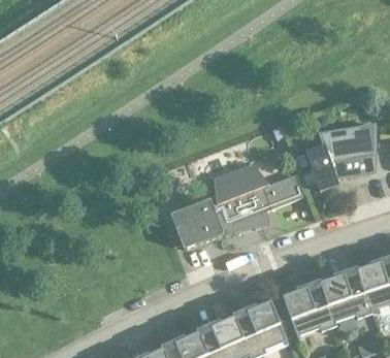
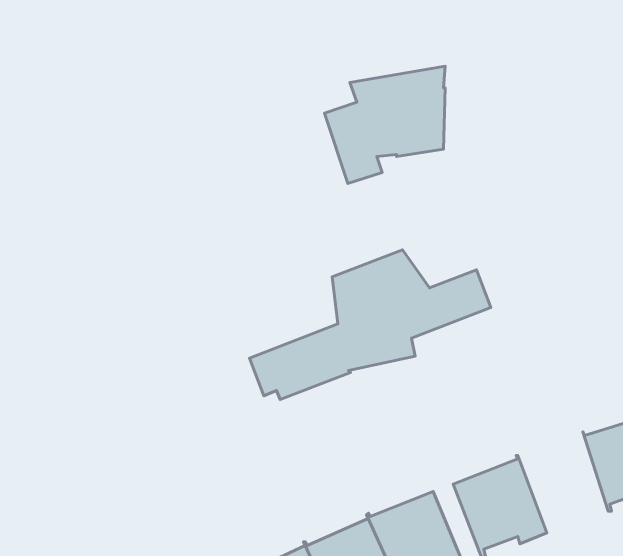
building: [306,122,376,189] -> [324,66,445,183]
building: [320,265,371,323] -> none

